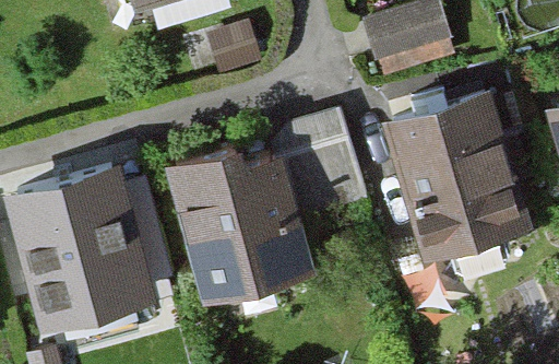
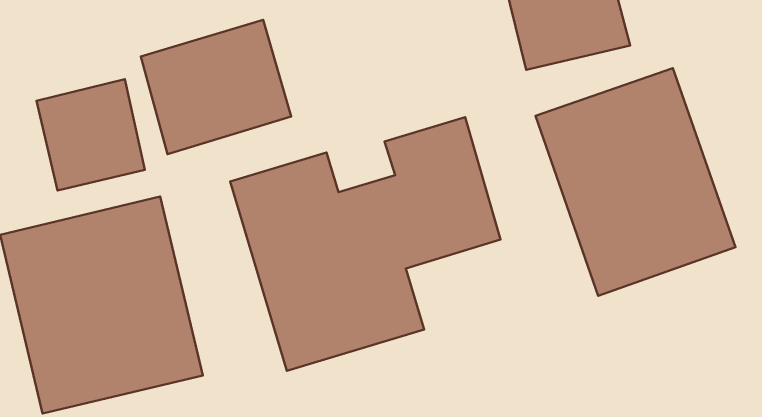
building: none -> [141,20,291,154]
building: none -> [37,79,145,191]

